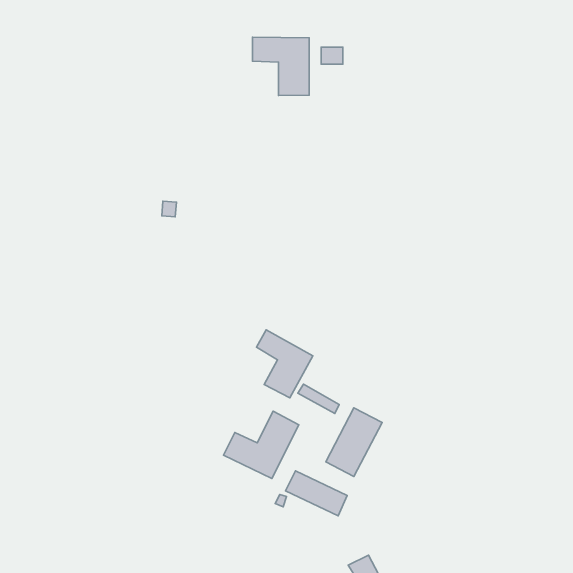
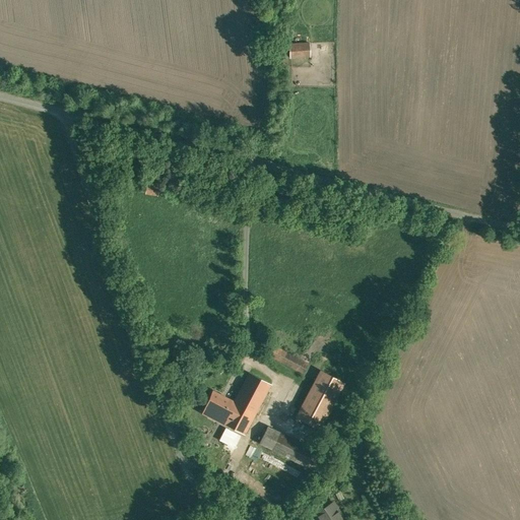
building: [252,37,309,96] -> none
building: [256,330,313,398] -> none

